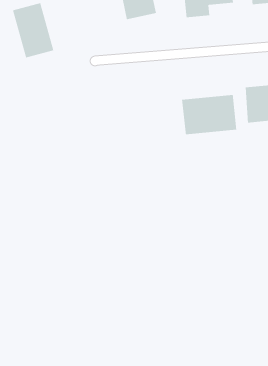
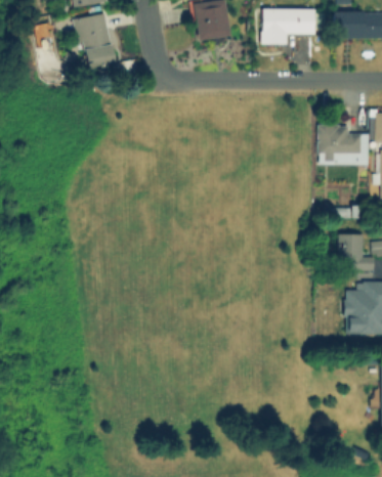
building: [182,94,237,135] -> none

